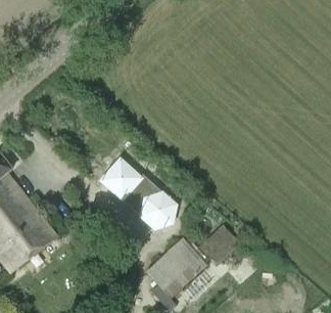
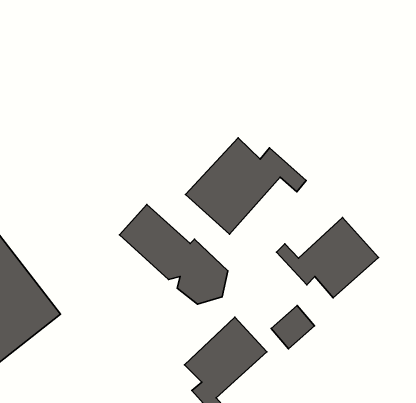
building: none -> [186,138,306,234]
building: none -> [277,218,379,298]

